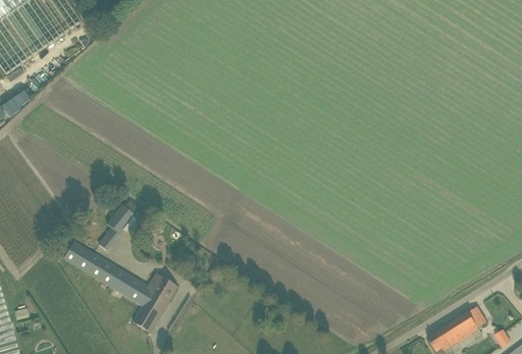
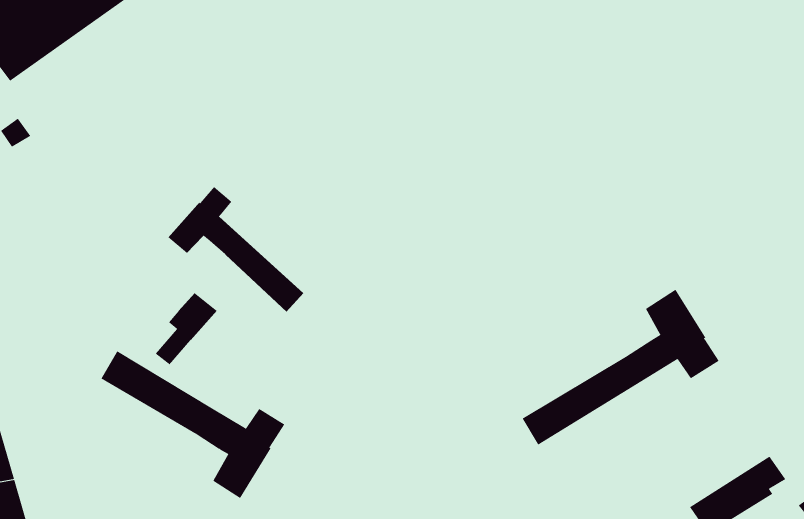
building: none -> [167,186,304,312]
building: none -> [522,289,719,446]

